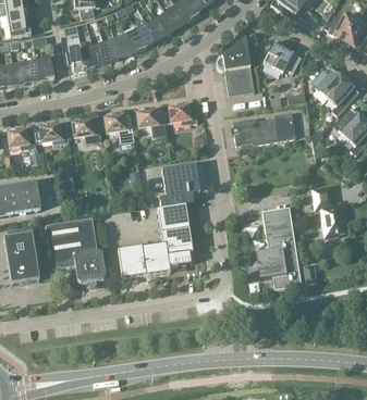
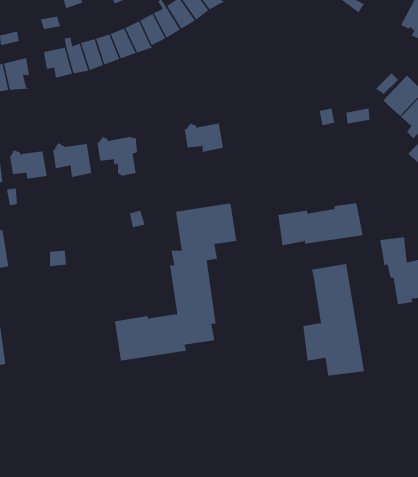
building: [217,36,255,96] -> none
building: [264,39,301,73] -> none
building: [134,108,167,137] -> none
building: [233,113,296,145] -> [278,203,363,246]
building: [46,217,106,288] -> none

